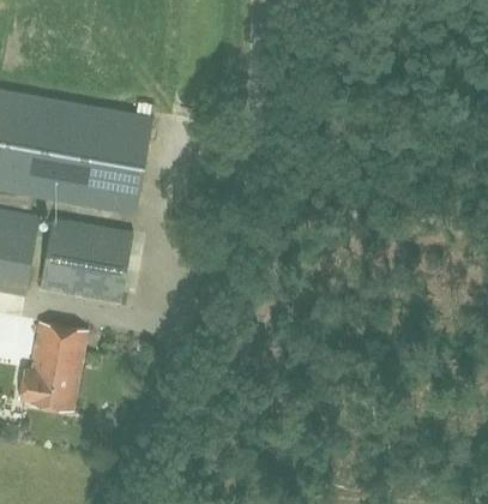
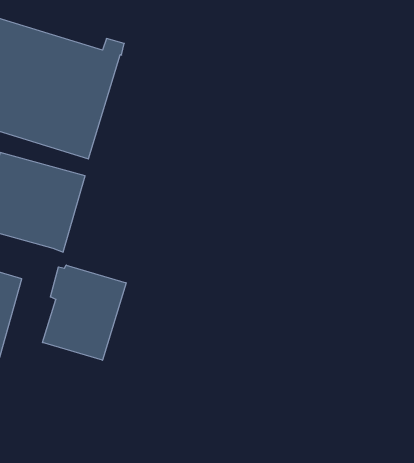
building: none -> [43,265,126,360]

